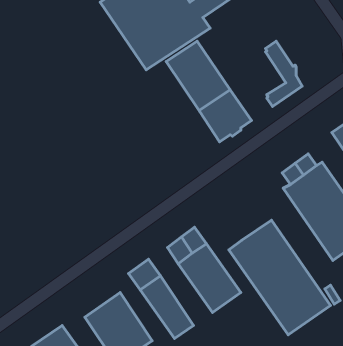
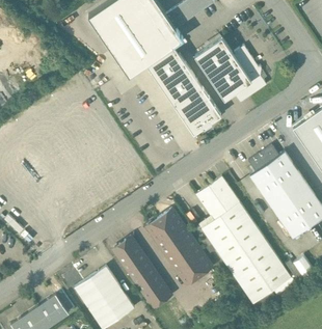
building: none -> [194,38,251,101]
building: none -> [196,177,239,221]

